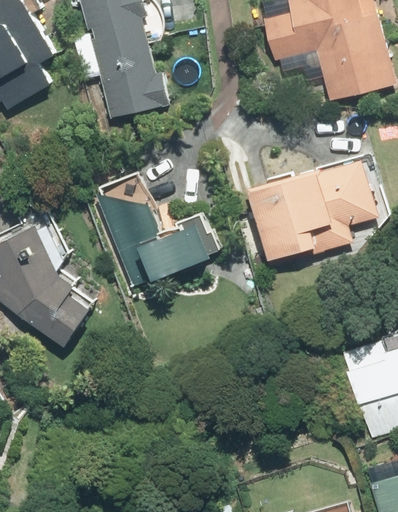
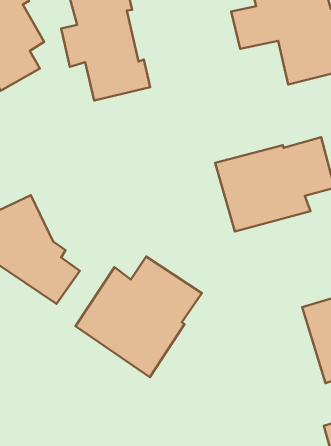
building: [96,172,218,285] -> none
building: none -> [75,257,202,377]

